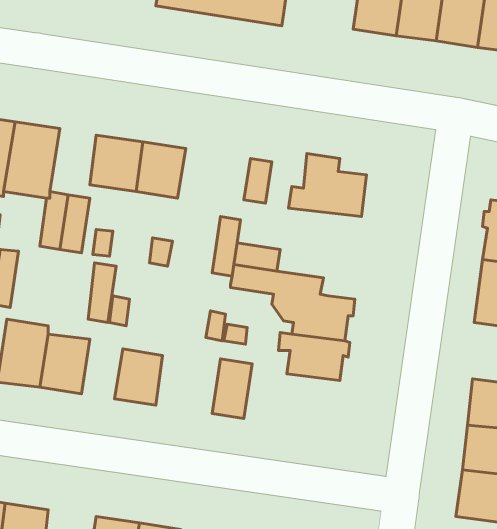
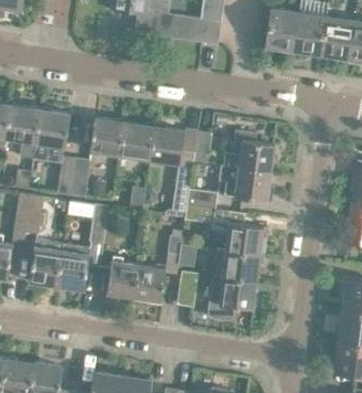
building: none -> [148,127,184,164]
building: none -> [219,166,270,201]
building: none -> [134,265,166,301]
building: none -> [205,275,256,319]

